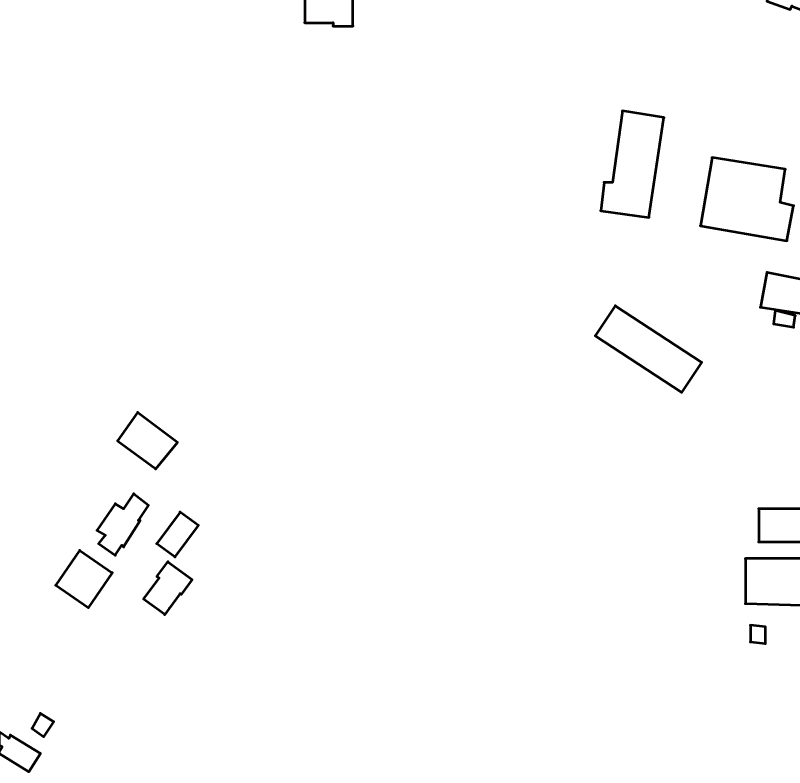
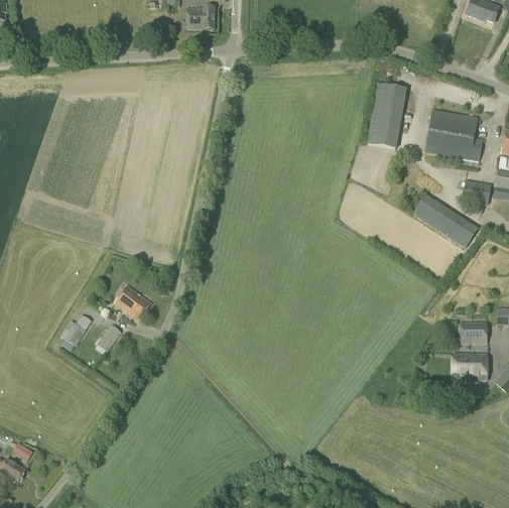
building: [595,306,702,392] -> [412,194,477,246]
building: [118,412,177,469] -> [115,284,151,319]
building: [56,550,112,608] -> none
building: [144,562,192,615] -> none

